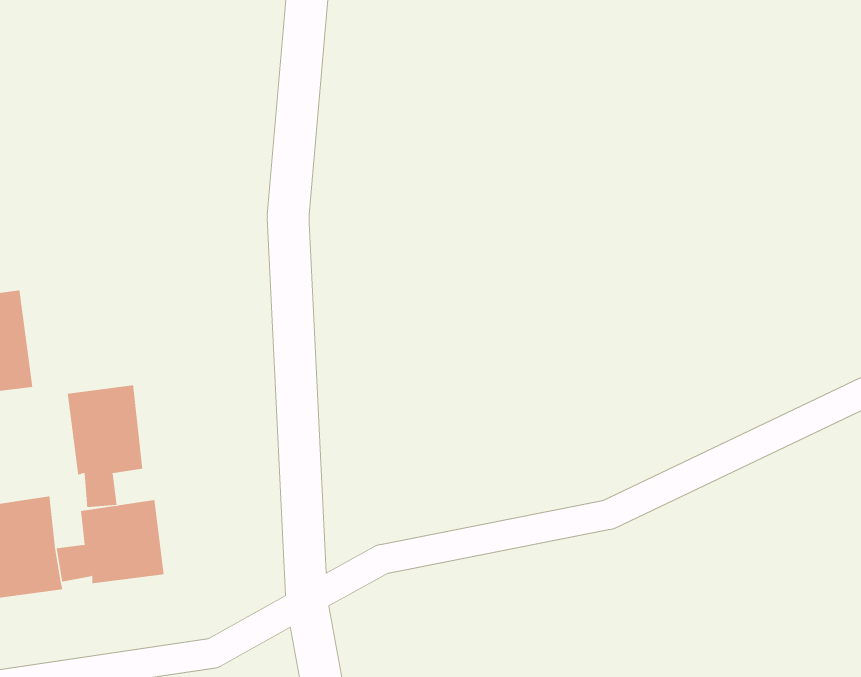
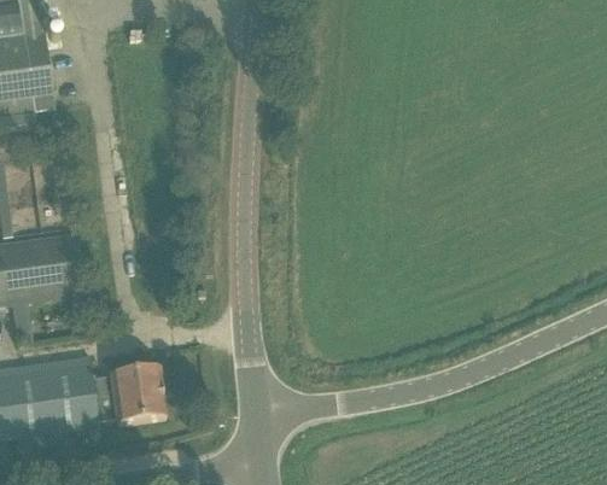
building: [67,385,143,508] -> none

